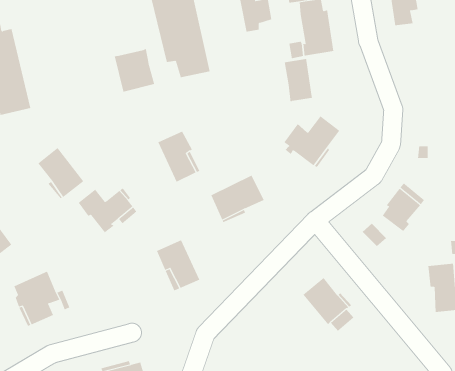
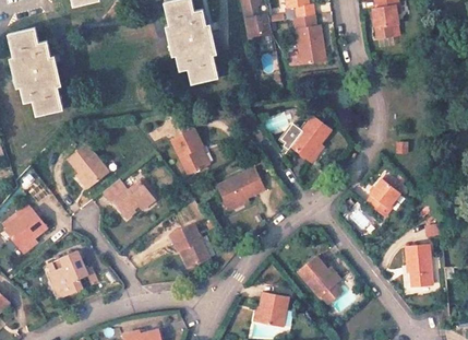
building: [114,48,155,92] -> none
building: [284,58,313,102] -> none
building: none -> [257,292,289,327]

